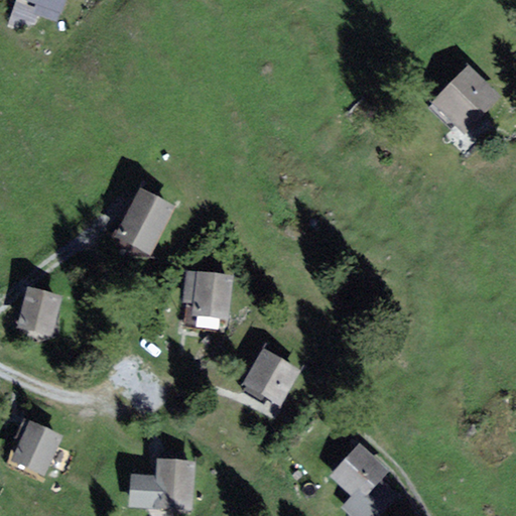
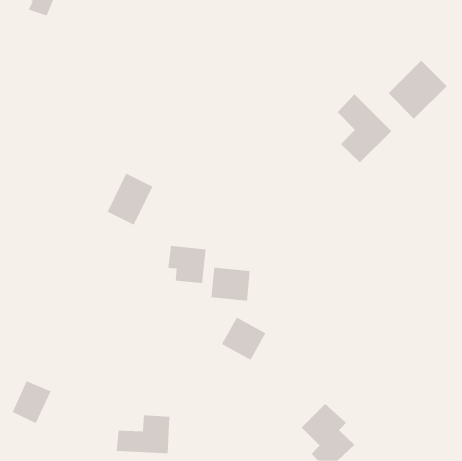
building: none -> [337,94,392,163]
building: [20,288,58,333] -> none
building: none -> [211,267,250,302]

